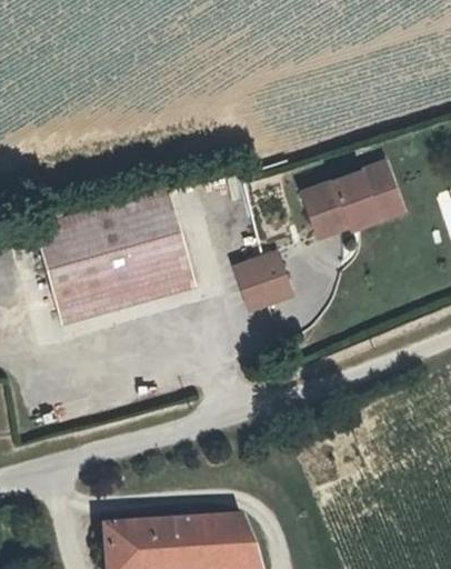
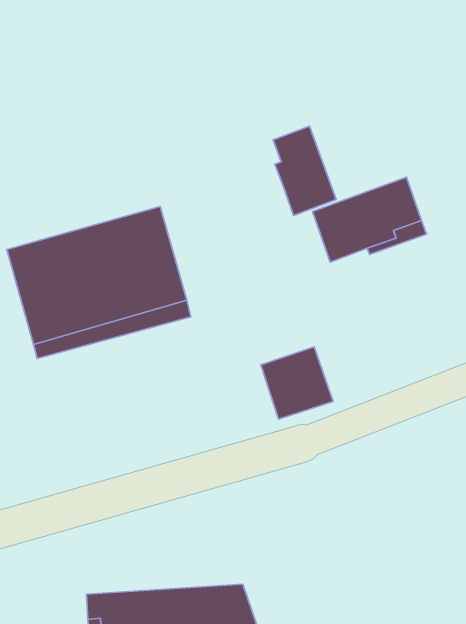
building: none -> [273,126,336,216]
building: [232,246,295,309] -> [261,347,333,419]

